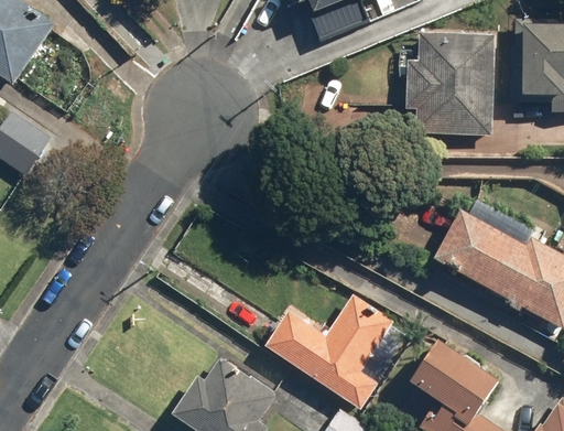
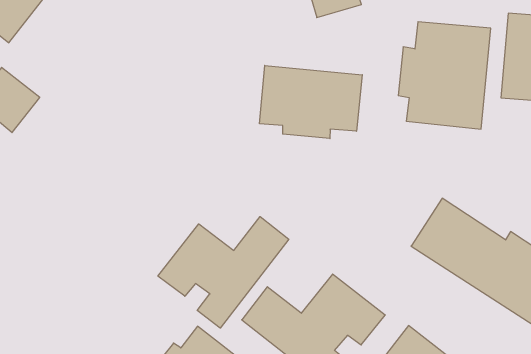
building: none -> [260,65,362,139]
building: none -> [158,217,289,328]

